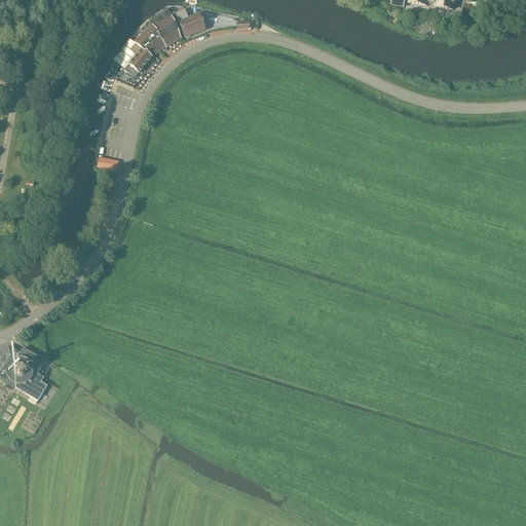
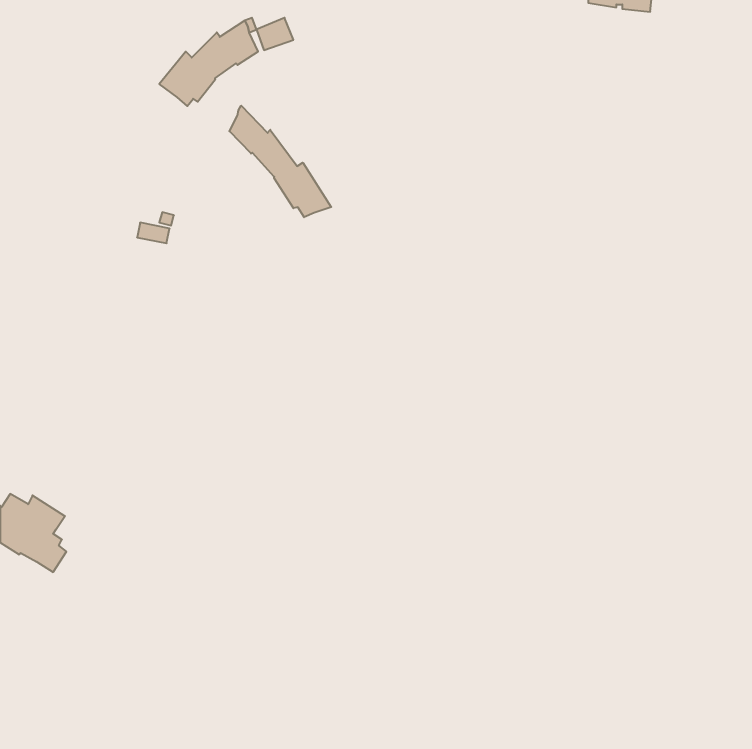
building: none -> [229,106,331,217]

